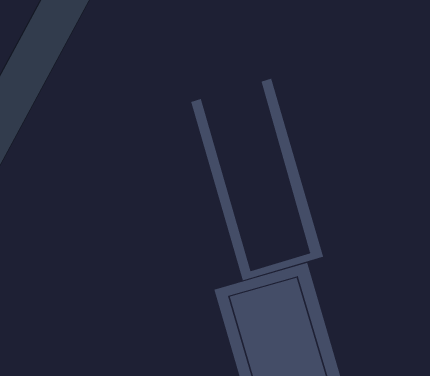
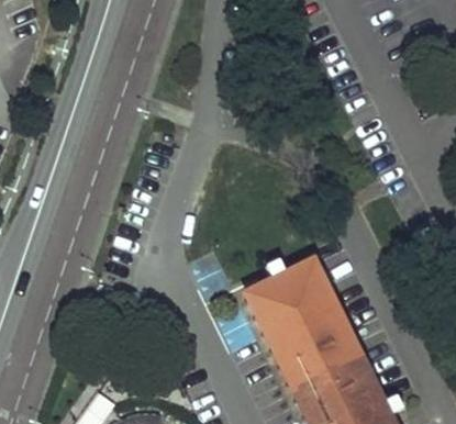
building: [190,78,324,281] -> none

